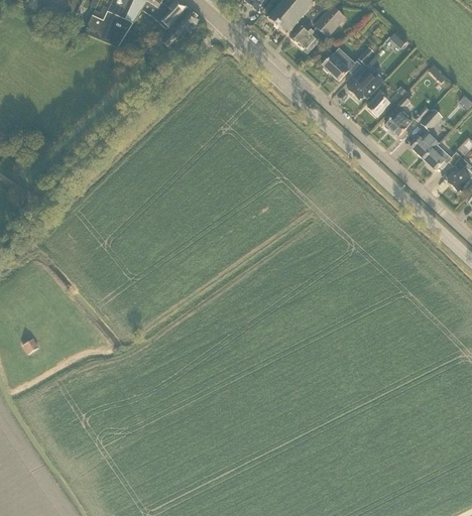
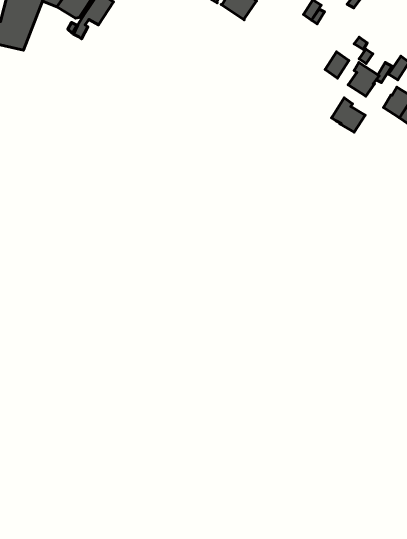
building: [322,48,361,79] -> none
building: [347,70,382,98] -> none
building: none -> [332,98,365,132]

